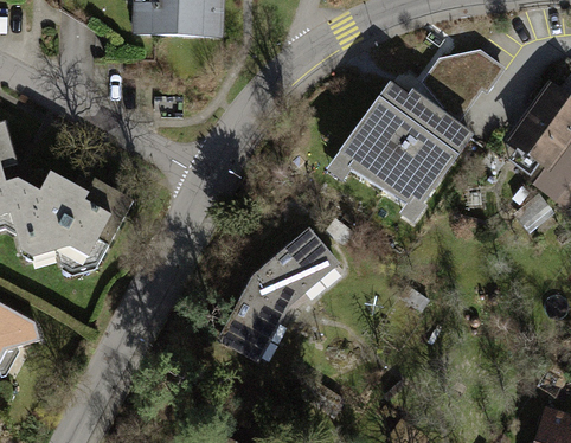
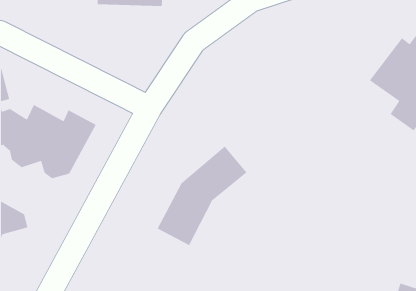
building: [440,50,502,92] -> none
building: [331,84,471,224] -> none

